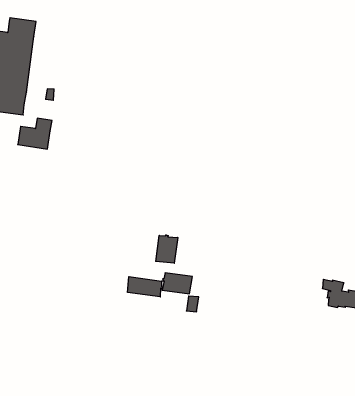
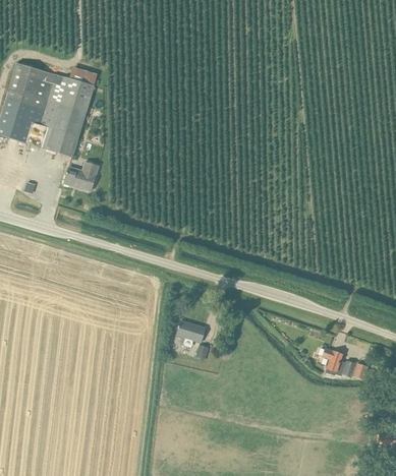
building: [156,235,178,263] -> none
building: [128,277,163,297] -> none

